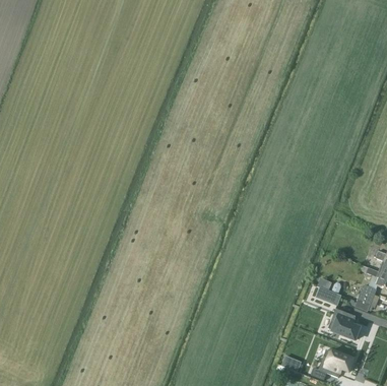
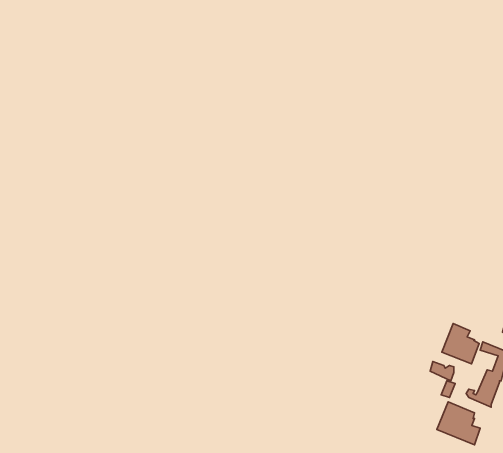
building: none -> [442,323,479,364]

